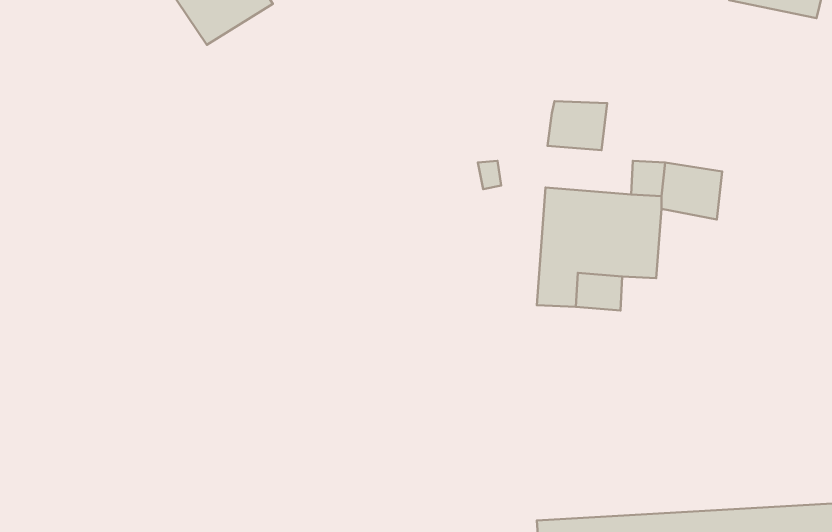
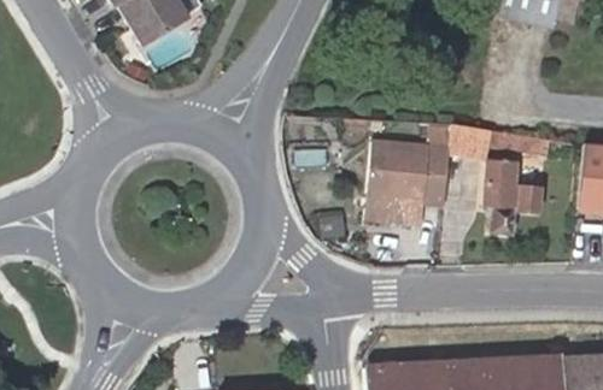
building: [548,101,607,150] -> none
building: none -> [482,161,538,235]

